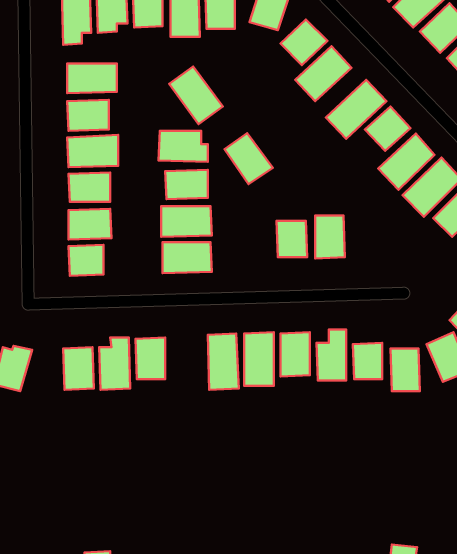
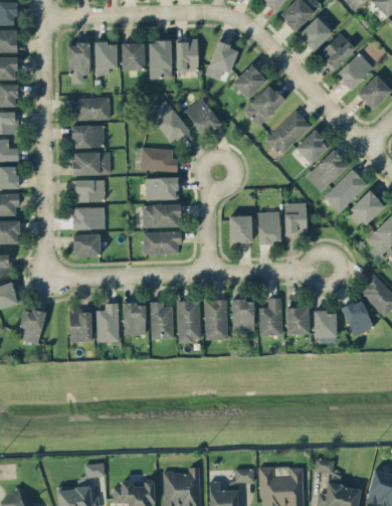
building: [224,133,273,184] -> [185,98,221,136]
building: none -> [284,202,307,234]
building: none -> [151,301,174,338]

